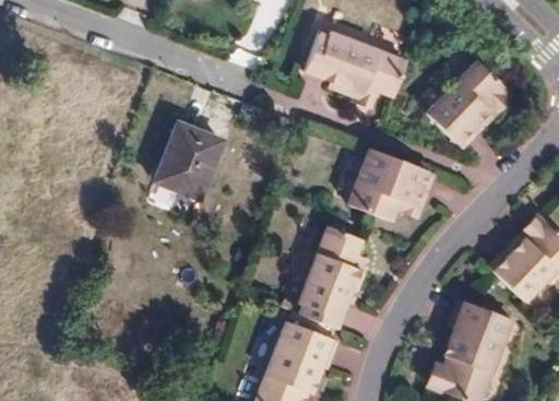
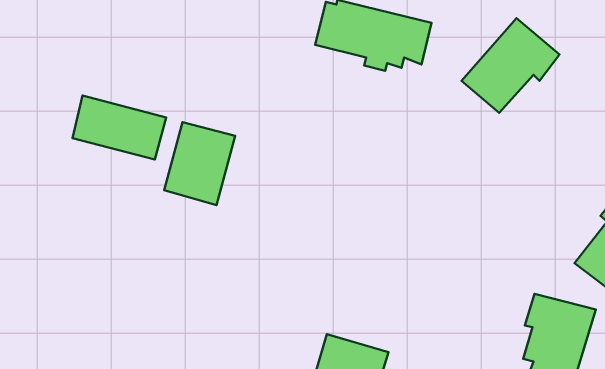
building: none -> [72,95,166,159]
building: [349,145,428,214] -> none
building: [298,224,366,329] -> none

